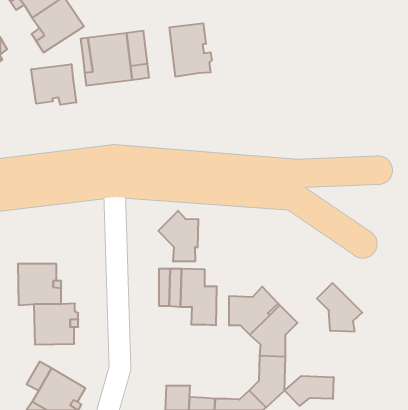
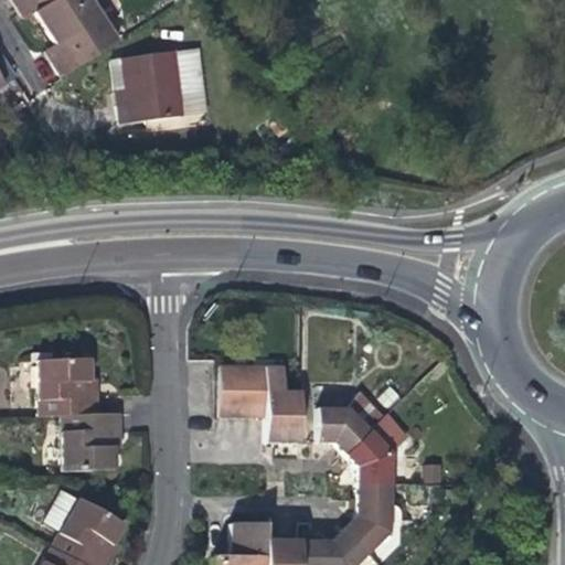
building: [170,23,212,77] -> none
building: [31,64,76,105] -> none
building: [158,211,198,262] -> none
building: [317,283,362,332] -> none
building: [285,376,334,406] -> none

